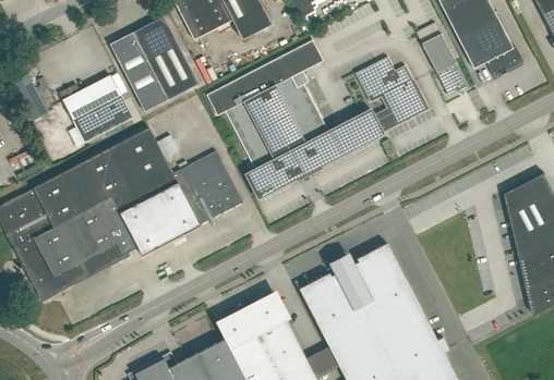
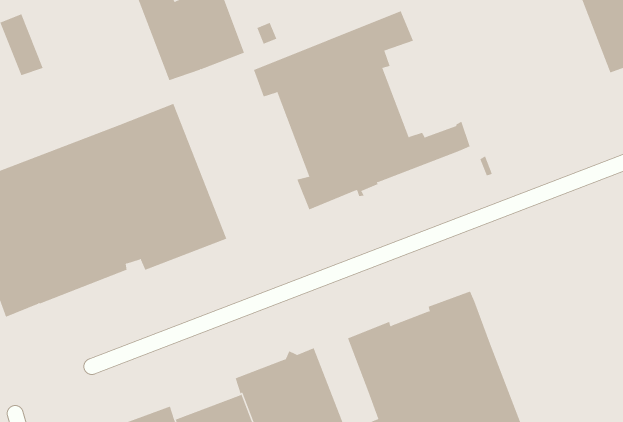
building: [422,32,469,95] -> none
building: [356,56,427,134] -> none
building: [62,74,132,142] -> none
building: [173,150,243,223] -> none

